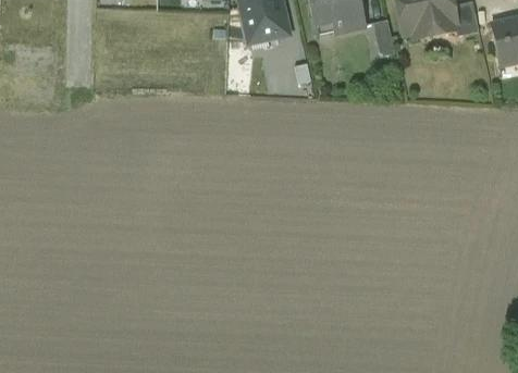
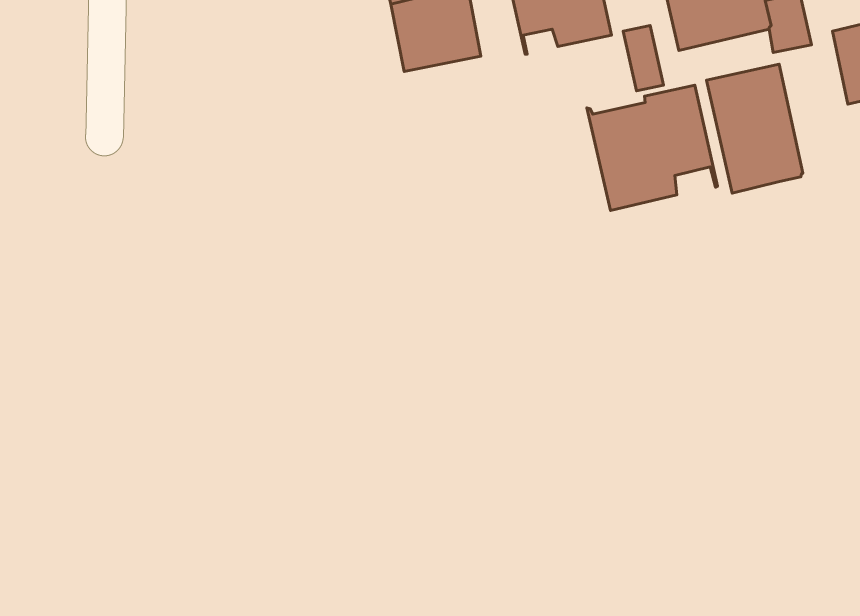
building: none -> [707,64,803,193]
building: none -> [587,85,718,211]

